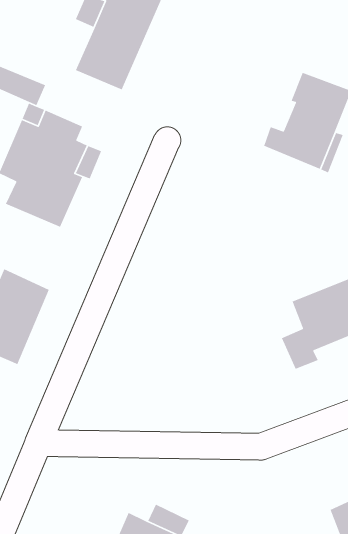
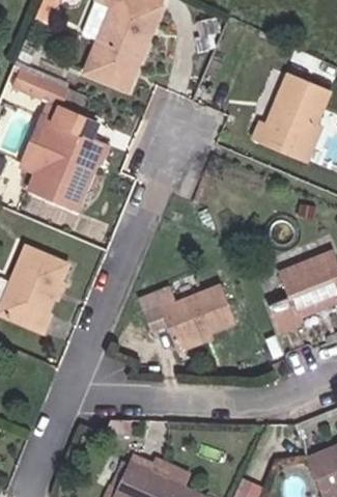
building: none -> [137,284,234,344]

